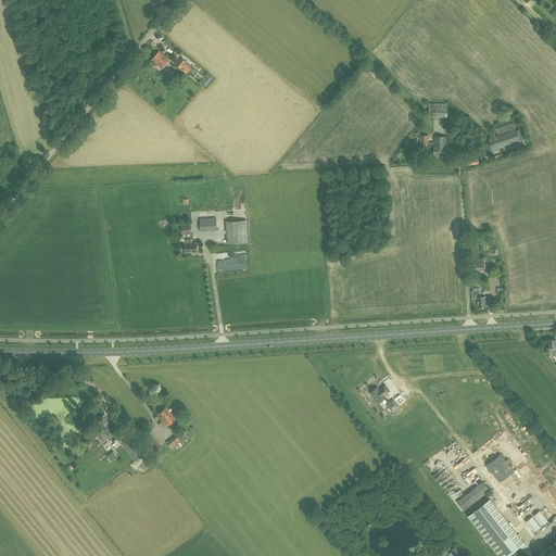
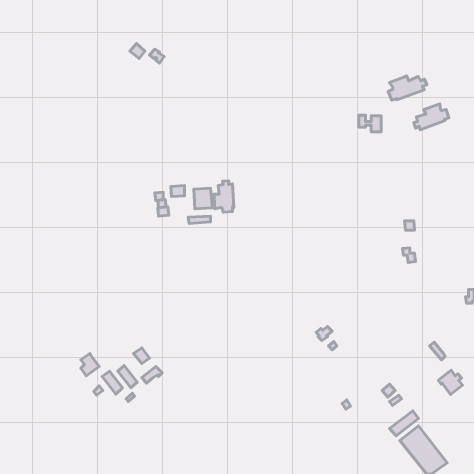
building: none -> [388,76,427,100]
building: none -> [214,181,234,212]
building: [485,454,514,482] -> [438,370,462,394]

